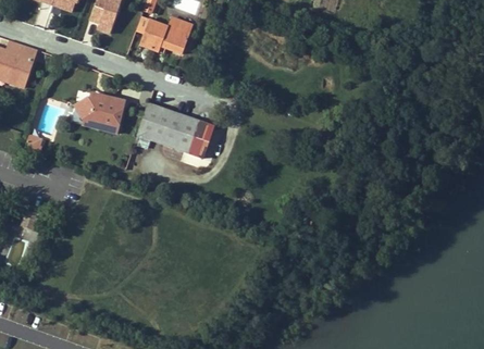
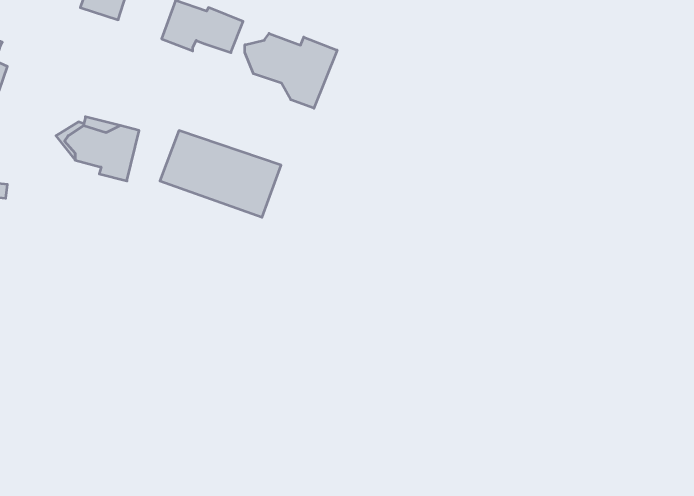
building: none -> [245,33,337,108]

